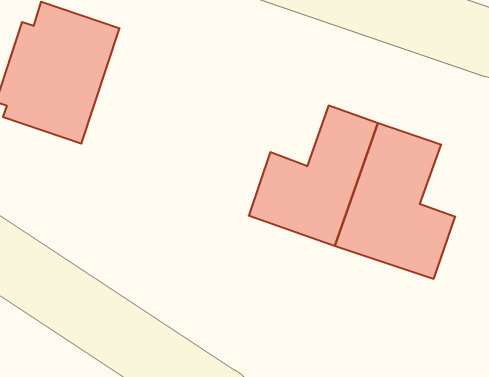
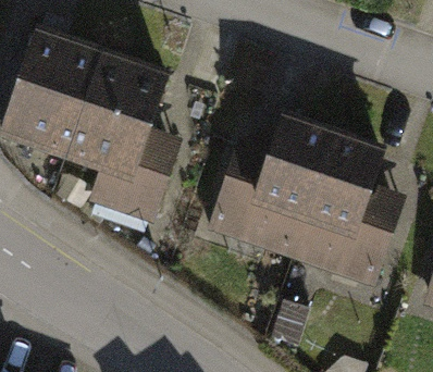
building: none -> [75,62,177,216]

